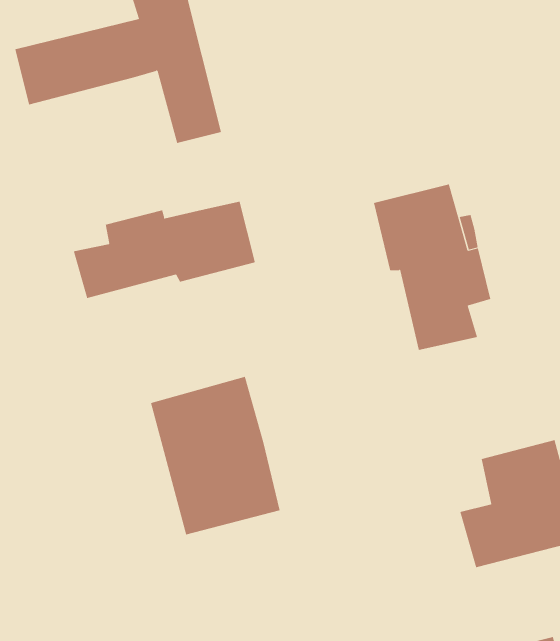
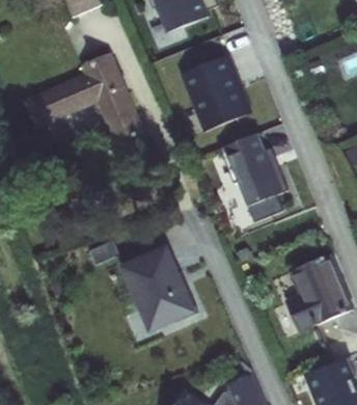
building: none -> [184,55,248,132]
building: [73,201,255,299] -> none

